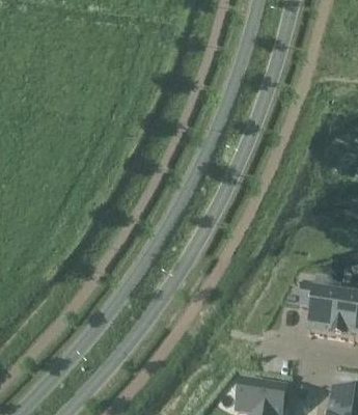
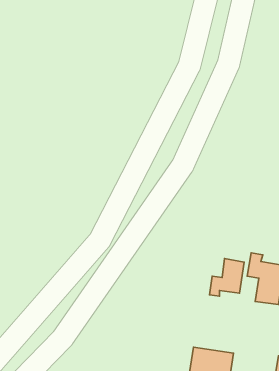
building: none -> [210,259,244,296]

